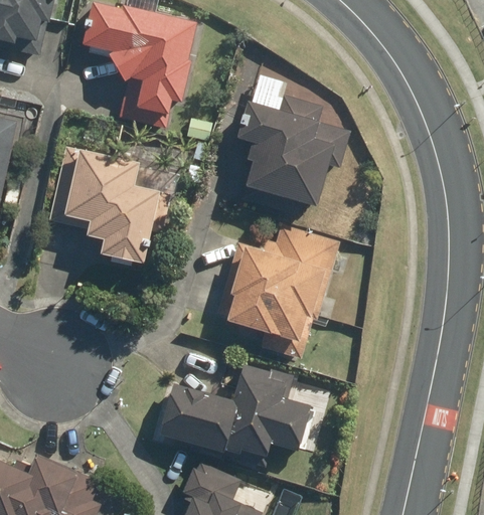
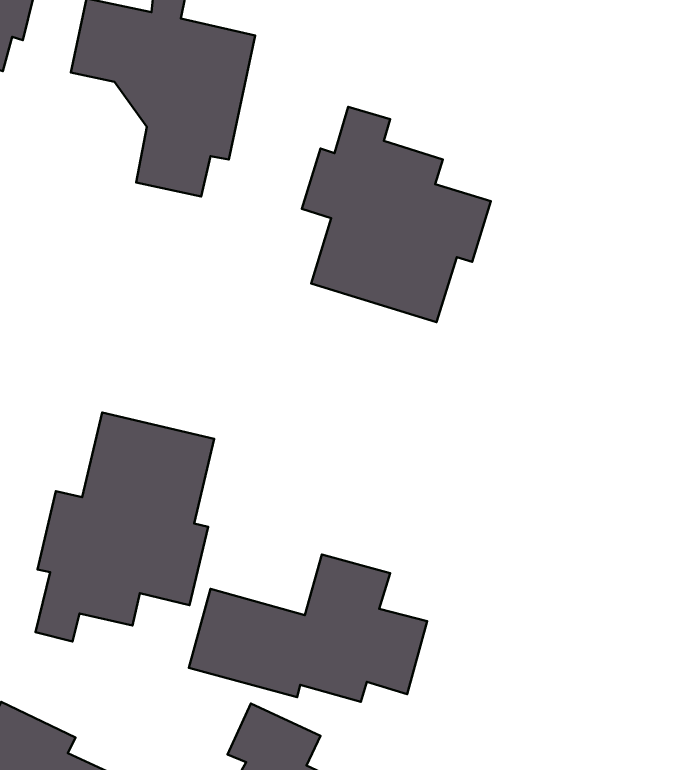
building: [51,146,156,264] -> none
building: [216,221,341,359] -> none
building: none -> [36,412,214,642]

